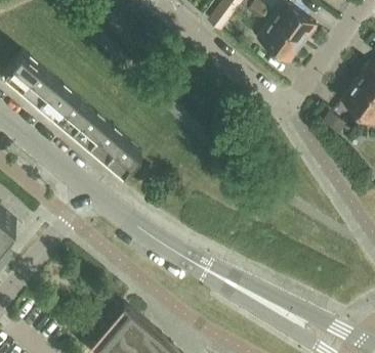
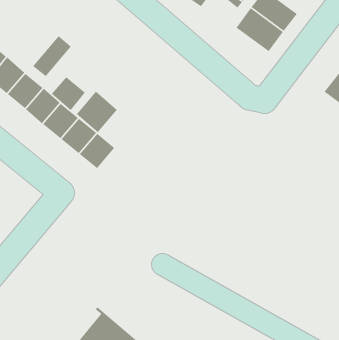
building: none -> [32,35,72,77]
building: none -> [51,76,86,111]
building: none -> [76,91,118,133]

